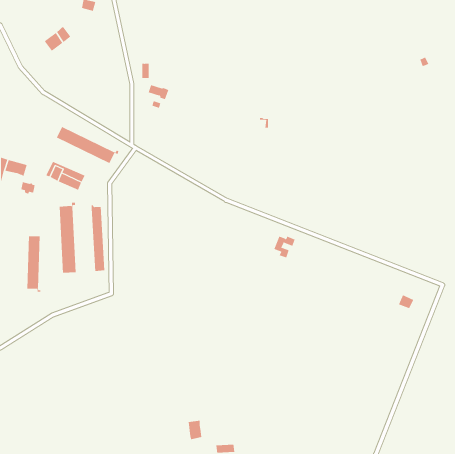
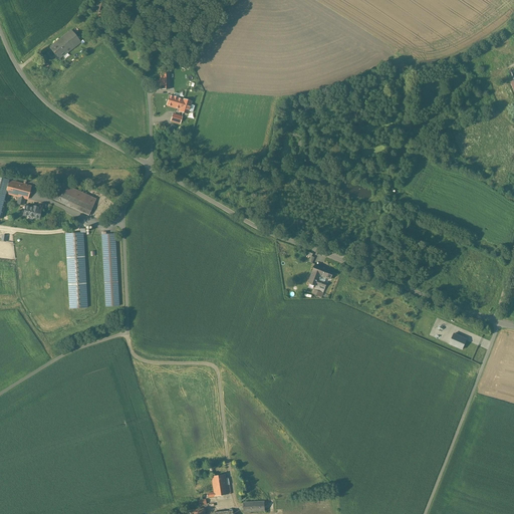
building: [56,126,119,164] -> none
building: [27,235,41,292] -> none

